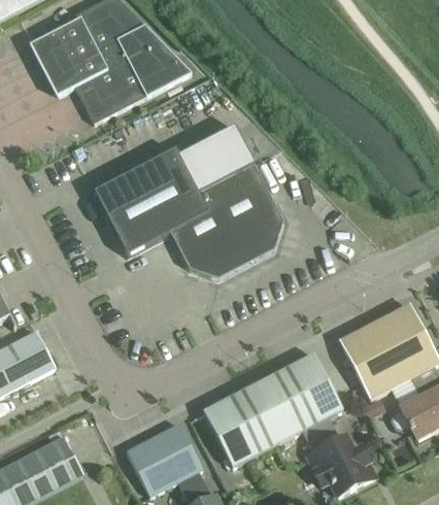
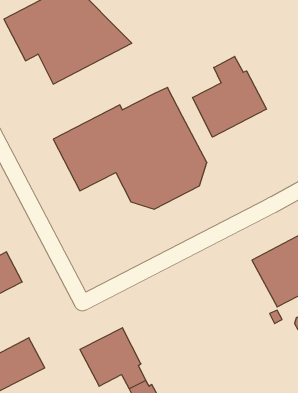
building: none -> [193,56,266,137]
building: [203,354,379,499] -> none

